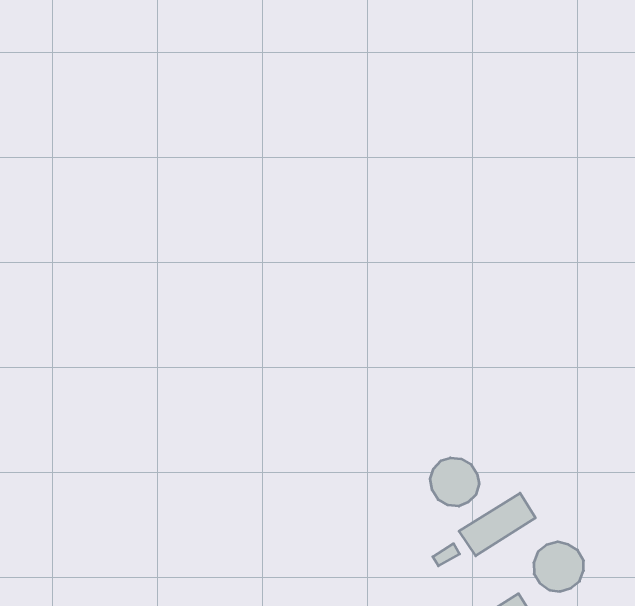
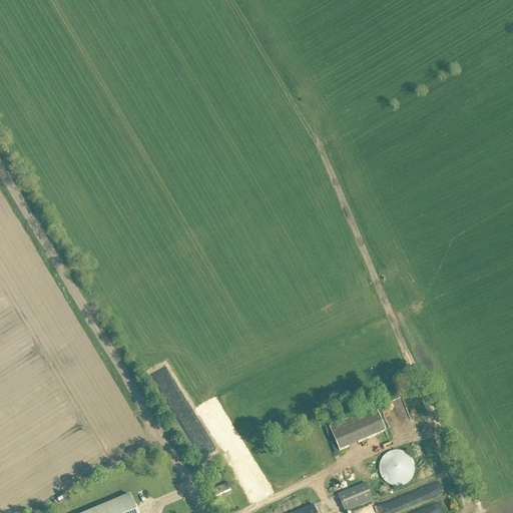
building: [430,458,479,506] -> none

